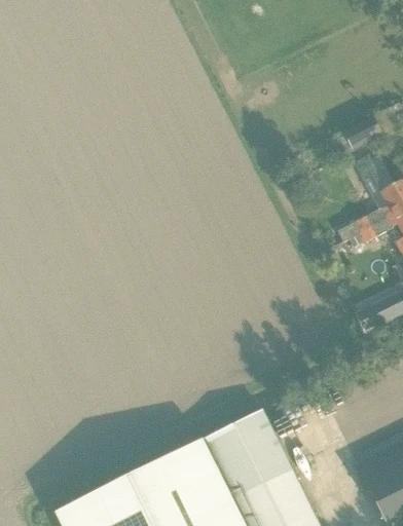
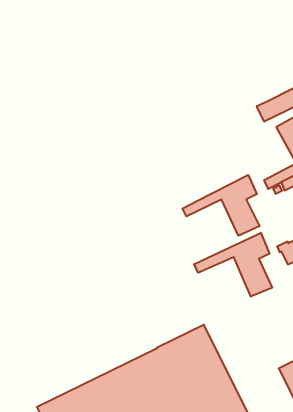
building: none -> [183,175,260,236]
building: none -> [194,233,272,297]

